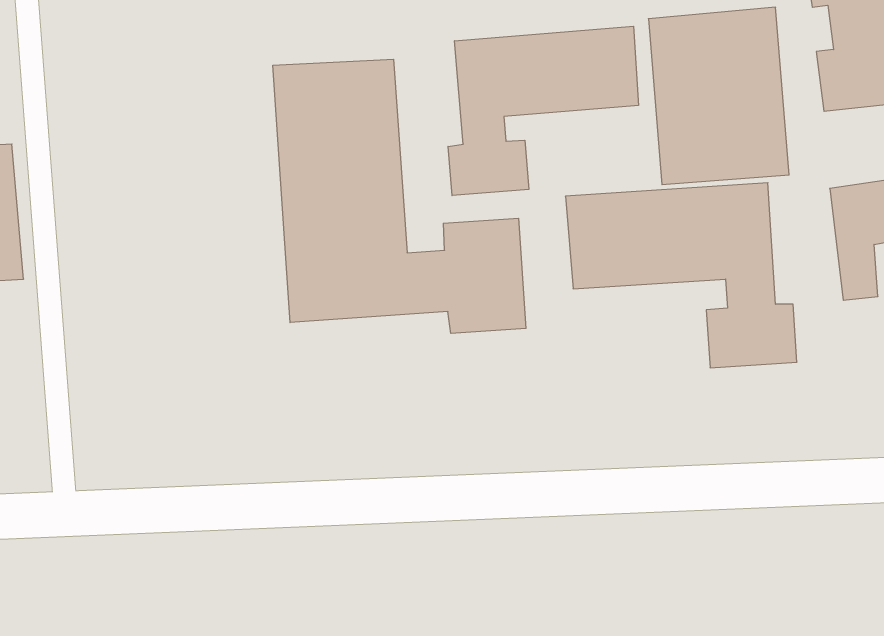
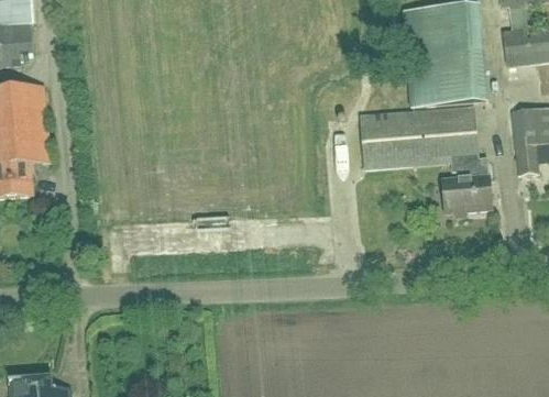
building: [448,26,638,196] -> none
building: [273,59,526,333] -> none

